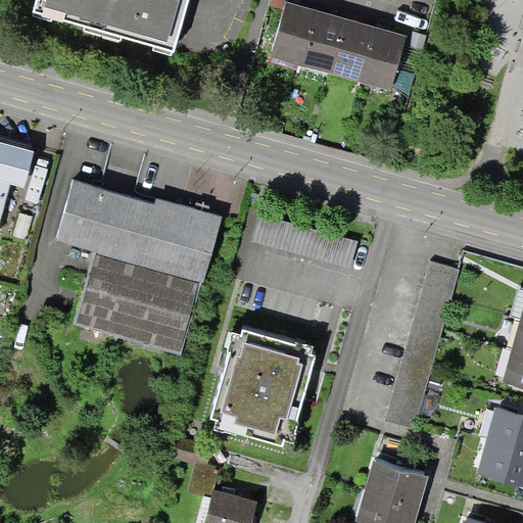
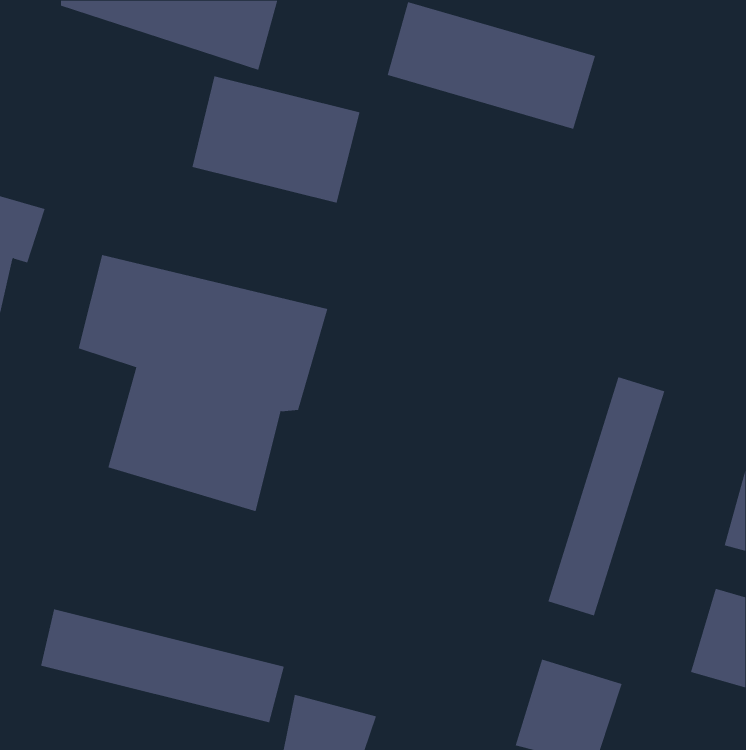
building: none -> [192,75,360,203]
building: [209,320,326,449] -> none
building: none -> [41,609,285,723]

